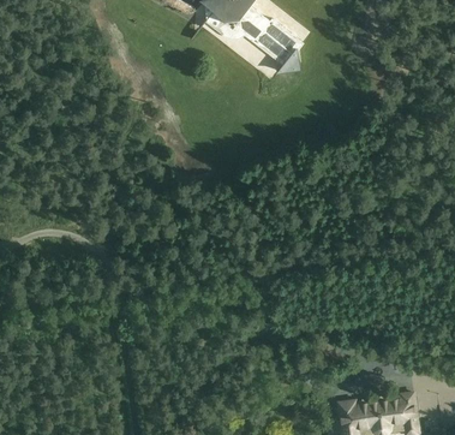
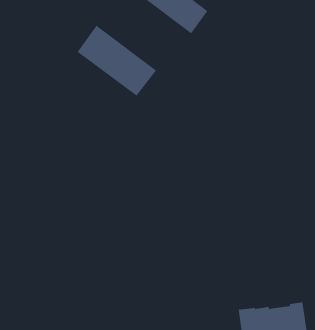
building: none -> [77,25,157,96]

